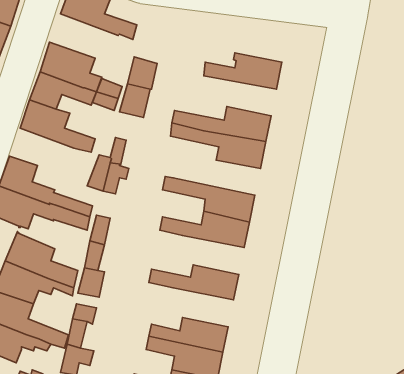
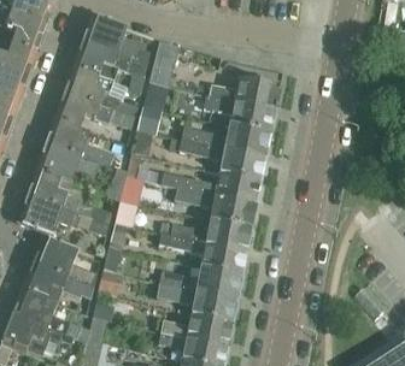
building: none -> [148,39,180,84]
building: none -> [72,40,147,79]
building: none -> [205,94,276,131]
building: none -> [36,142,99,179]
building: none -> [162,171,262,202]
building: none -> [153,231,247,273]
building: none -> [158,281,237,320]

